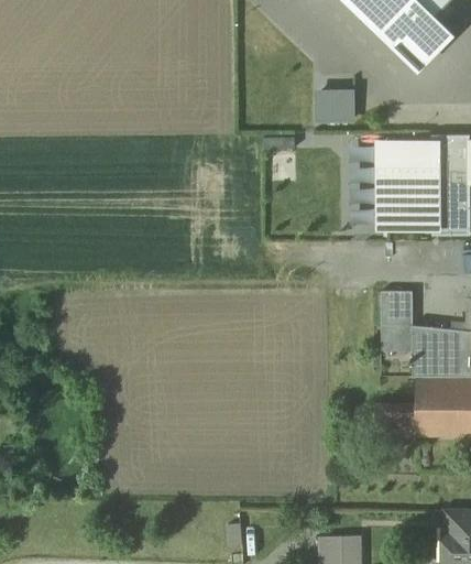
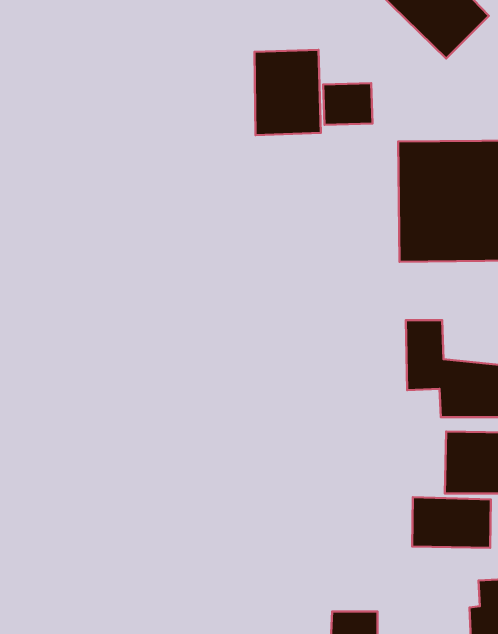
building: none -> [254,50,321,135]
building: none -> [412,497,491,548]

